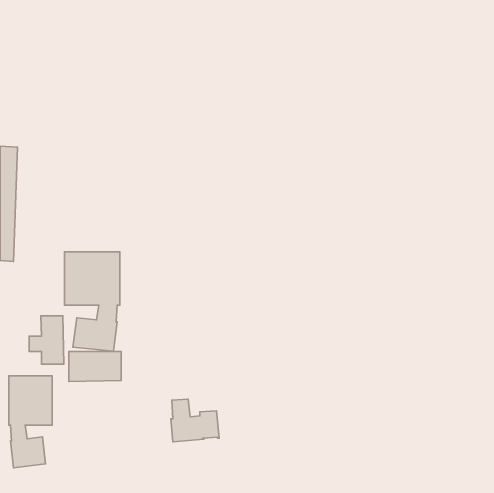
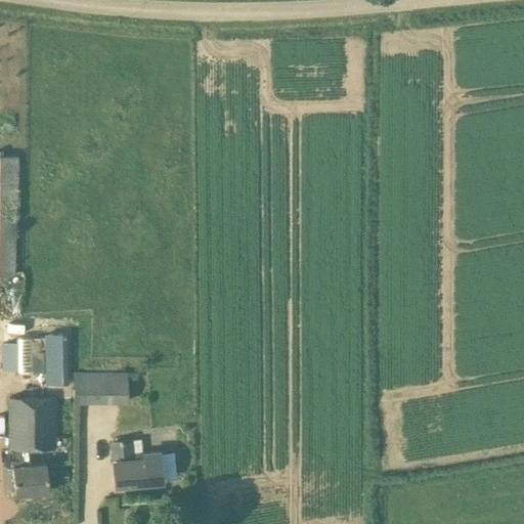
building: [64,252,120,351] -> none
building: [171,399,219,442] -> [113,442,164,487]

